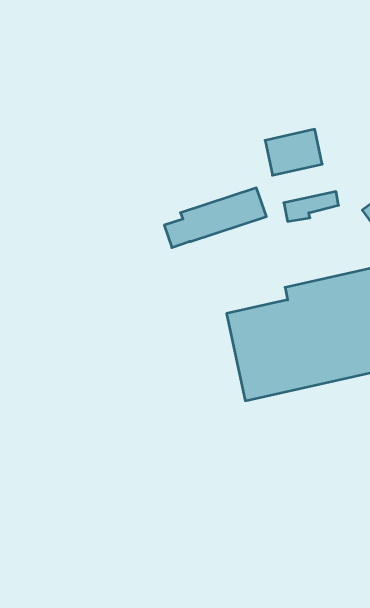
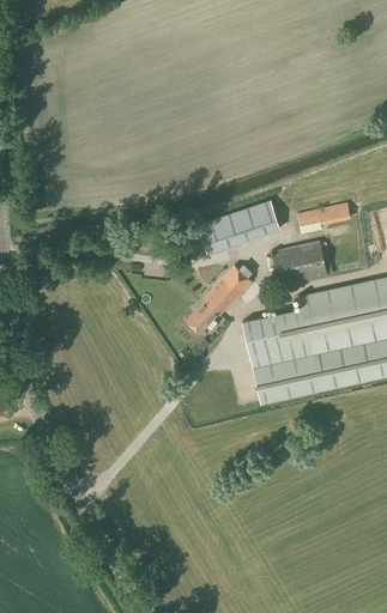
building: [265,129,322,175] -> [272,242,327,286]
building: none -> [186,263,252,333]

